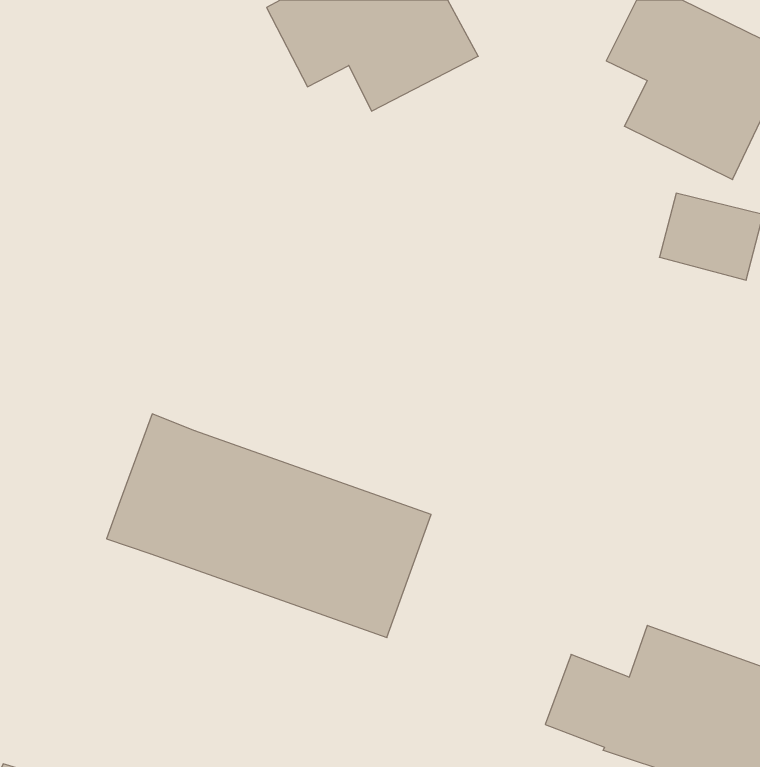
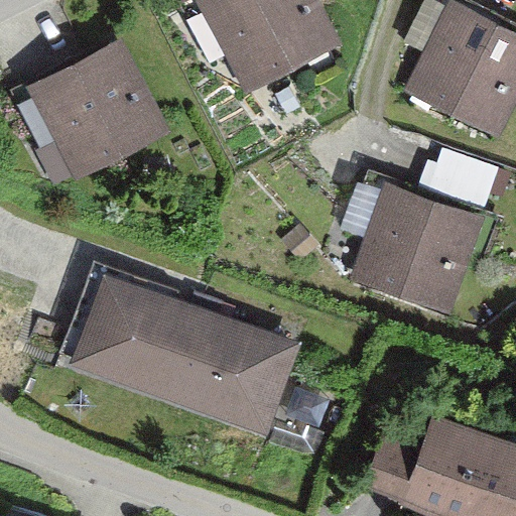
building: none -> [19,48,159,166]
building: none -> [354,179,477,303]

